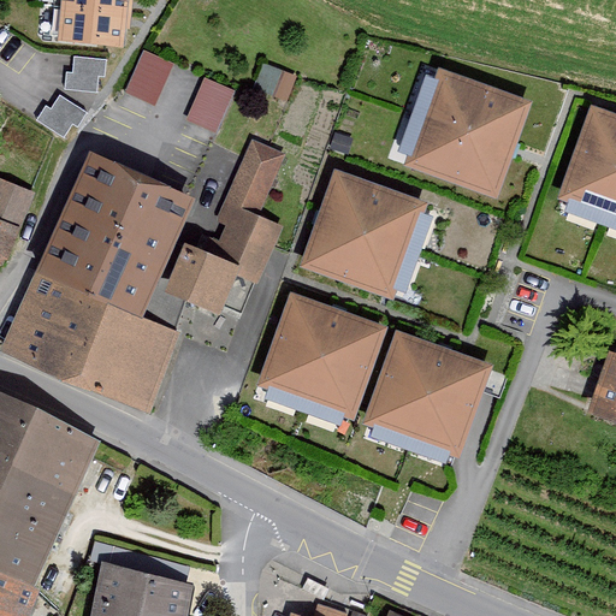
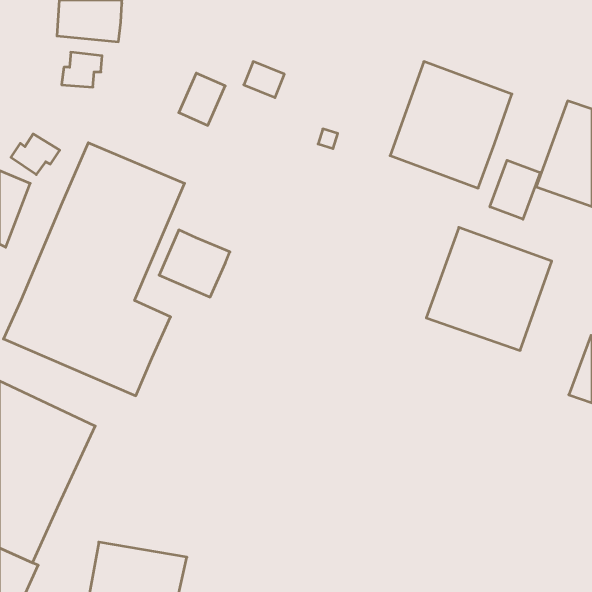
building: [124,51,172,106] -> none
building: [36,95,87,137] -> [11,134,60,175]
building: [203,141,284,284] -> none
building: [300,167,427,297] -> none
building: none -> [490,160,540,219]
building: [256,289,387,417] -> none
building: [362,327,492,455] -> [426,227,552,350]

